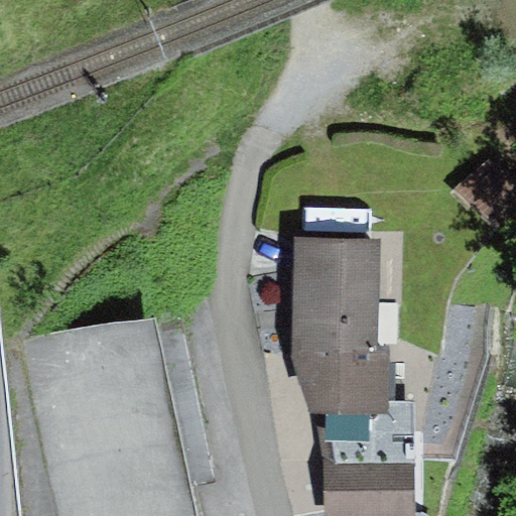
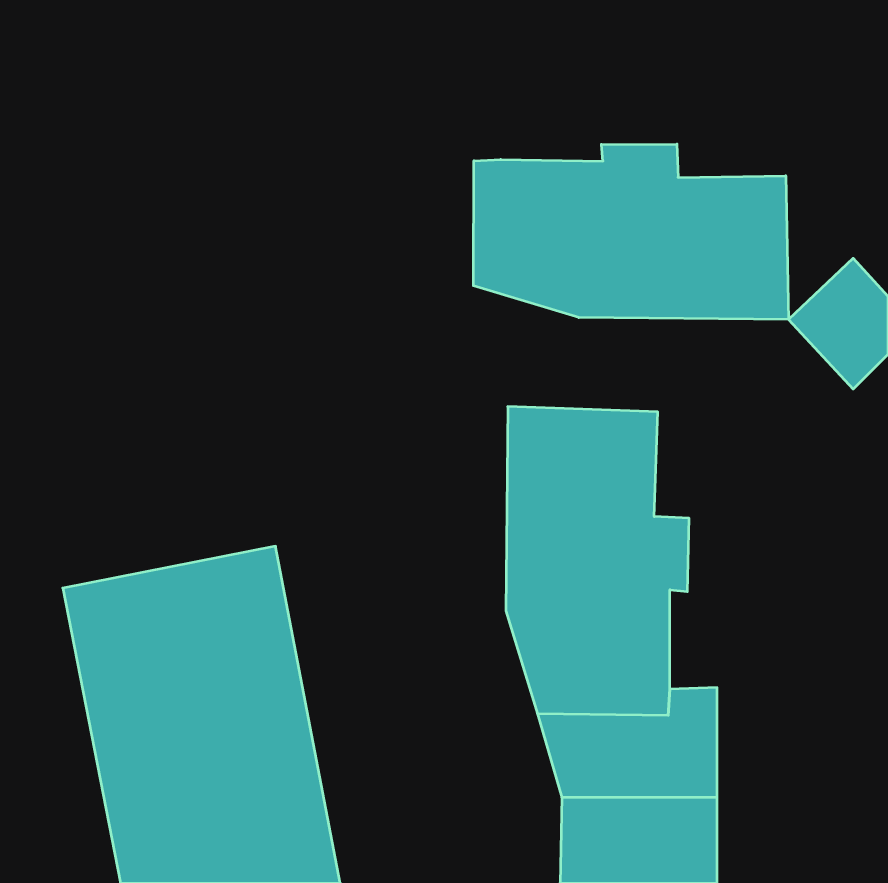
building: none -> [473,144,789,319]

